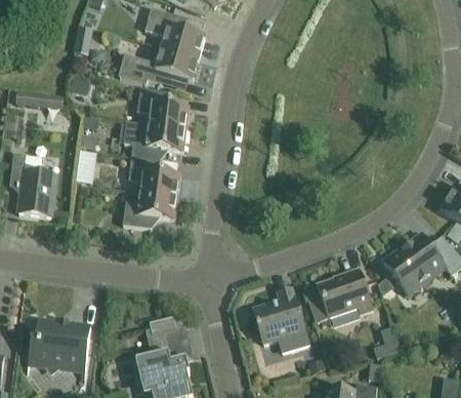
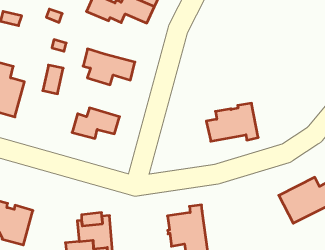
building: [137,87,188,128] -> none
building: [128,156,180,197] -> none
building: [307,269,373,322] -> [206,103,258,141]

